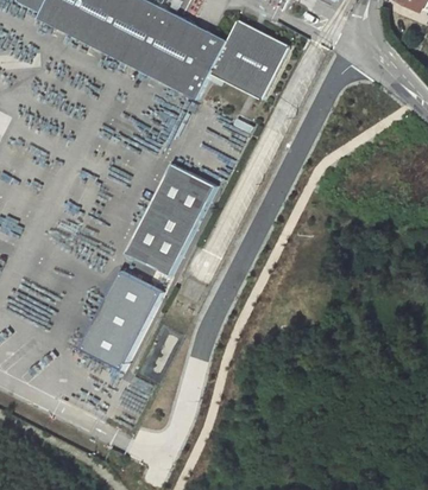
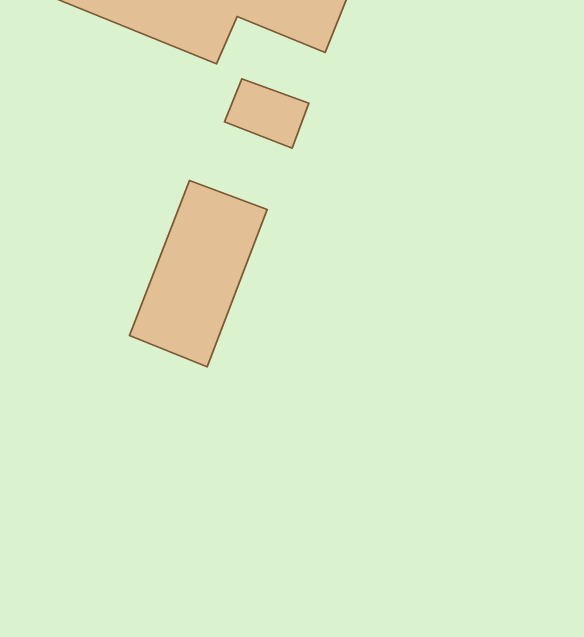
building: [78,272,159,373] -> none

